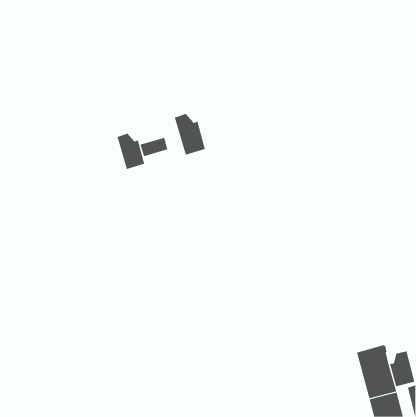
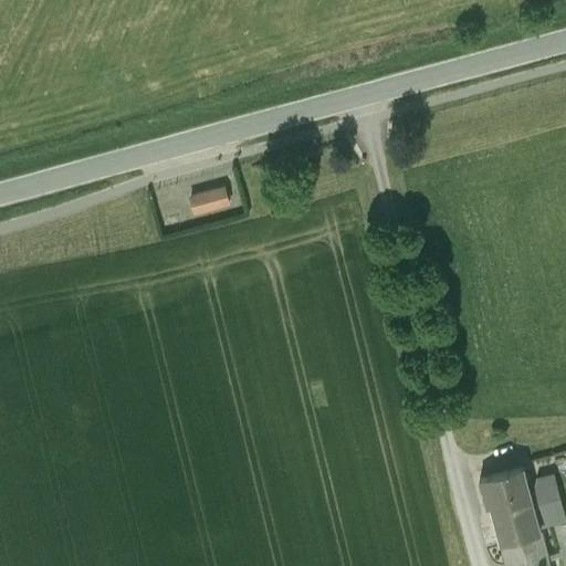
building: [174,113,206,155] -> none
building: [117,133,145,170] -> none

